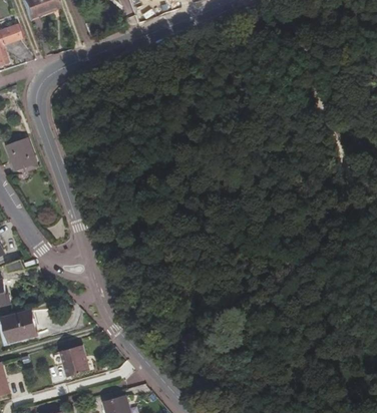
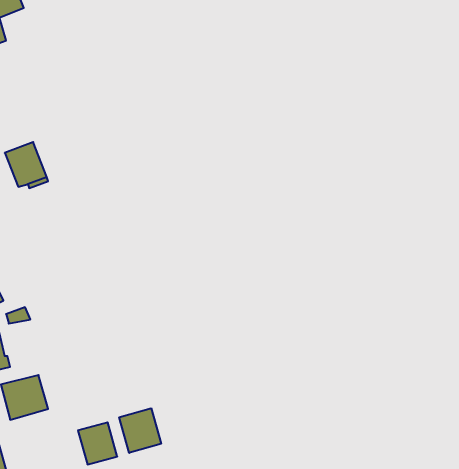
building: none -> [119,408,161,453]

